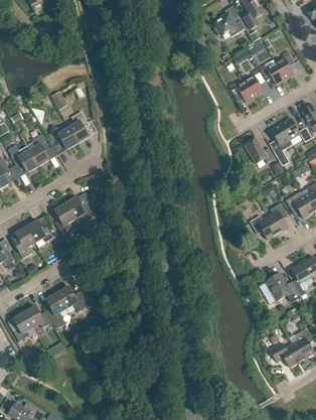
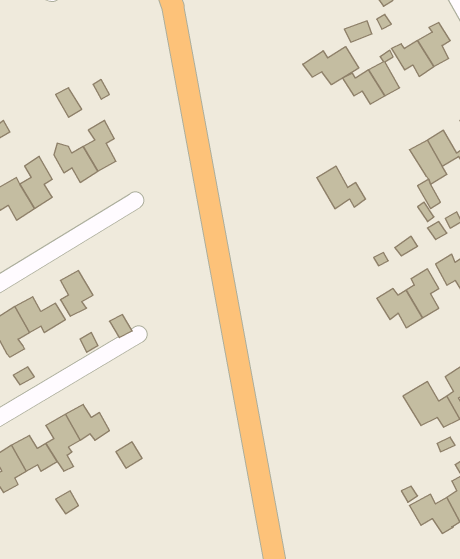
building: none -> [303,47,359,85]
building: [245,137,275,163] -> [317,166,366,209]
building: [65,196,95,221] -> none

